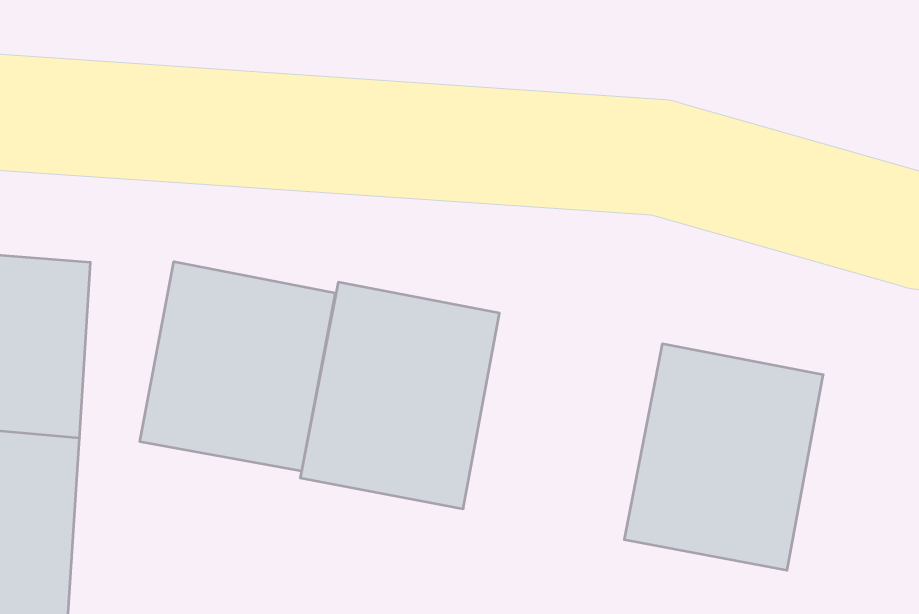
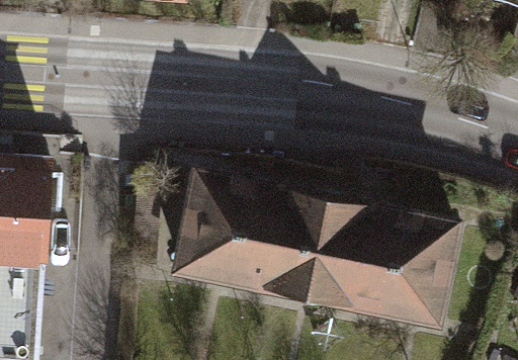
building: [140,262,335,471] -> none
building: none -> [261,184,372,310]

